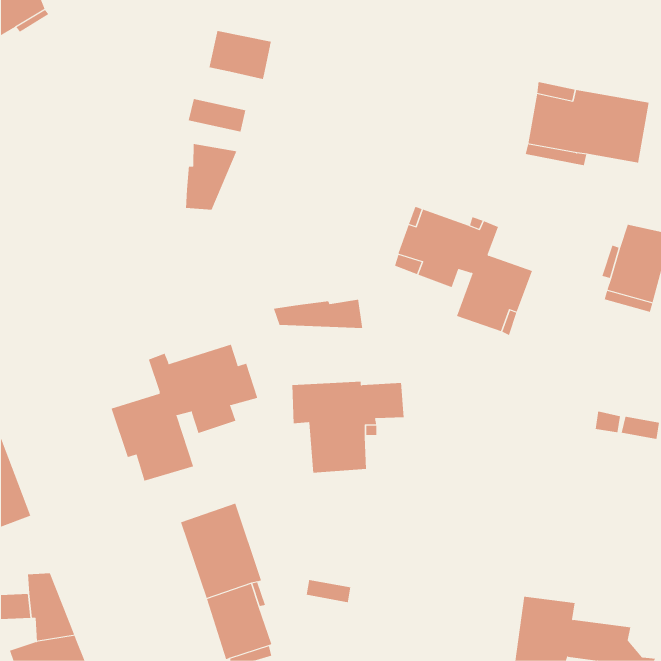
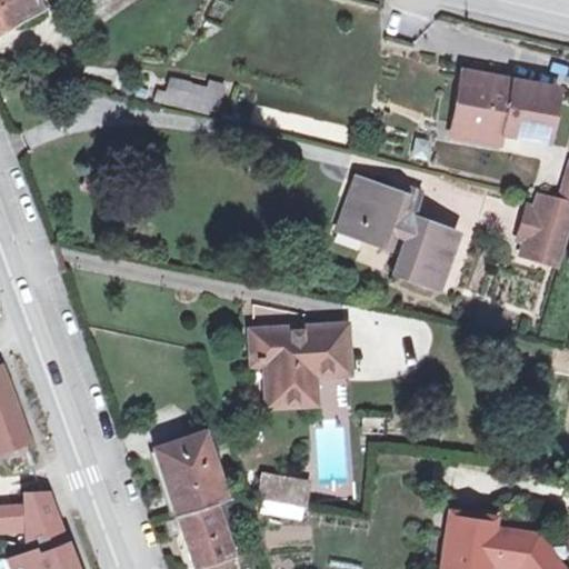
building: [209,30,271,80] -> none
building: [186,143,237,210] -> none
building: [273,299,363,329] -> none
building: [111,344,258,482] -> none
building: none -> [260,475,309,503]

